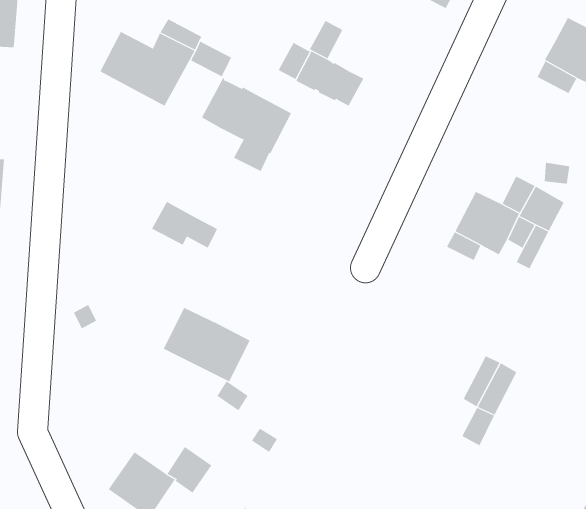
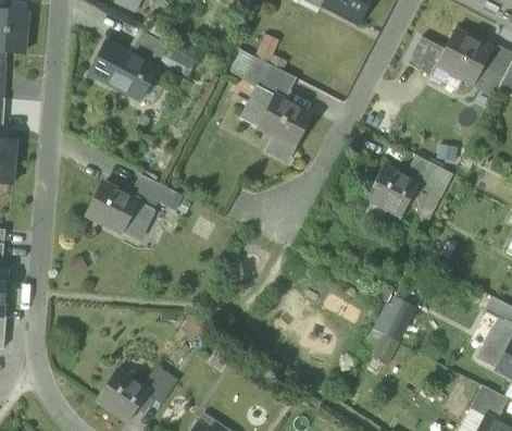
building: none -> [407,36,445,76]
building: [201,77,292,172] -> [241,86,312,160]
building: [163,307,251,382] -> [86,182,154,241]

